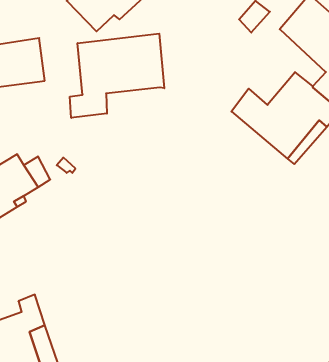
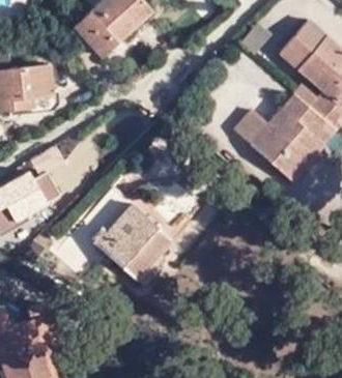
building: [70,34,164,118] -> none
building: none -> [89,203,172,281]

